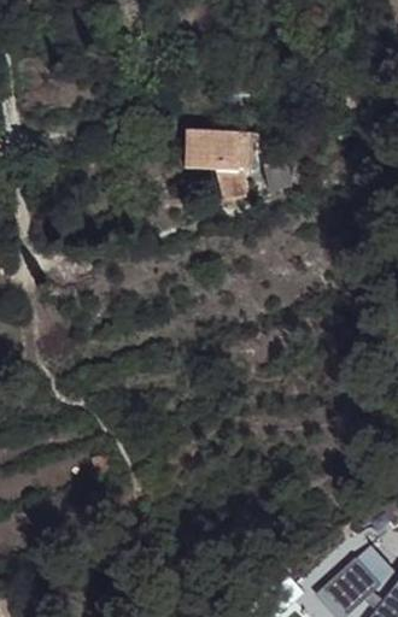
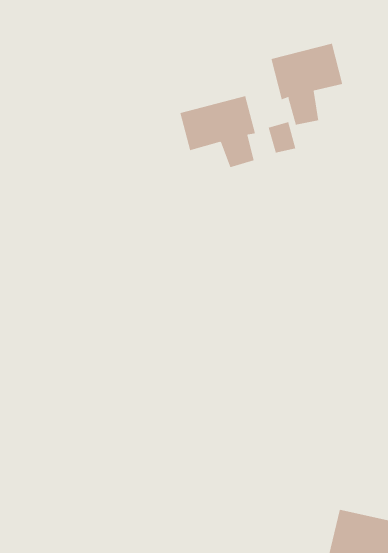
building: none -> [271,43,343,126]

